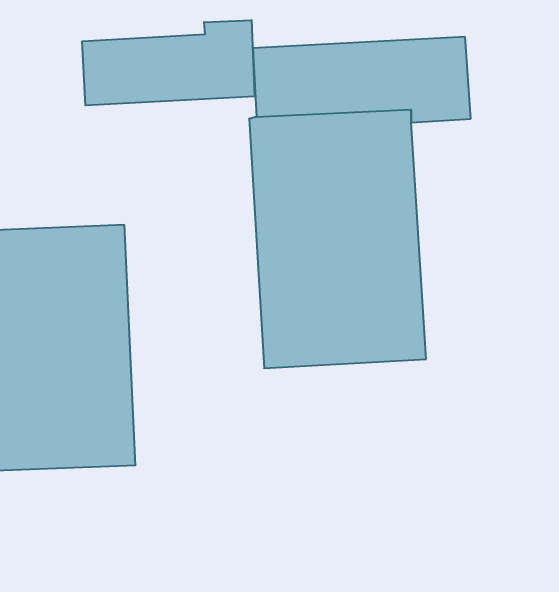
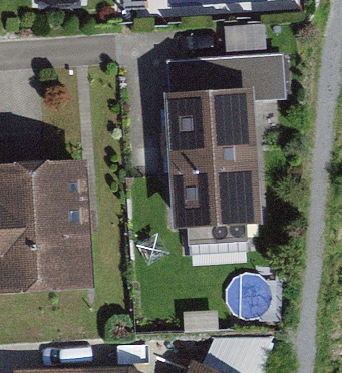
building: [82,20,255,105] -> none

